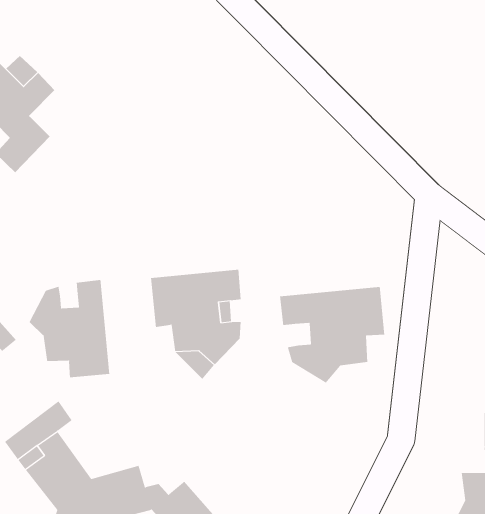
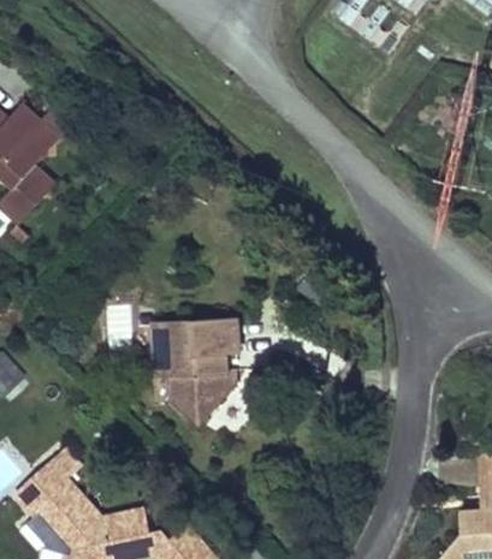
building: [29,279,110,378] -> none
building: [279,286,385,384] -> none

